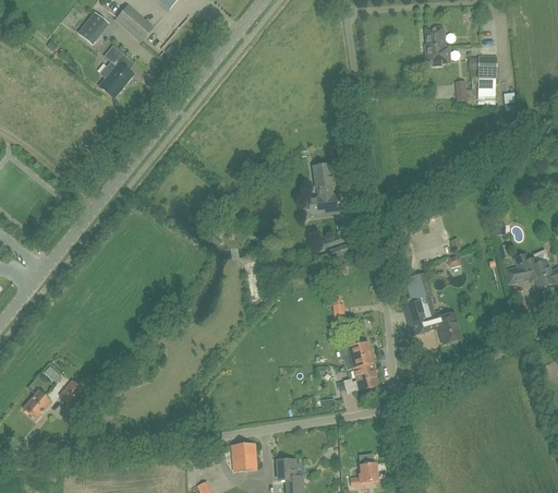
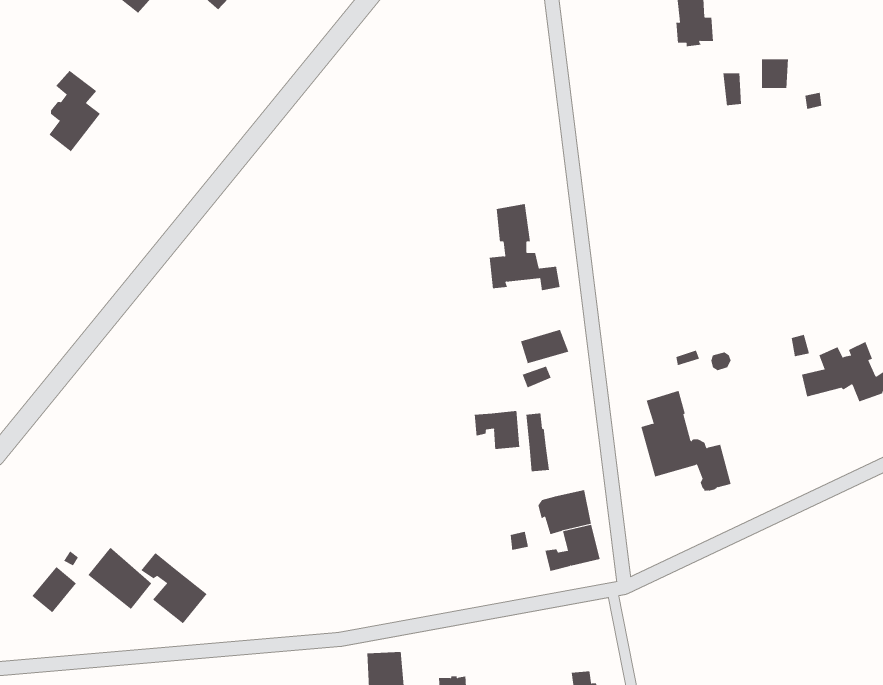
building: [99,46,132,97] -> [48,70,101,152]
building: [469,55,497,72] -> none
building: none -> [474,410,520,450]
building: none -> [140,552,207,624]

